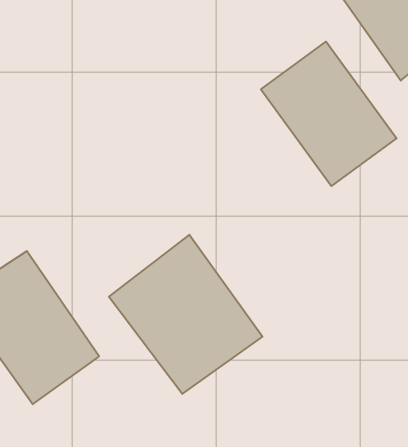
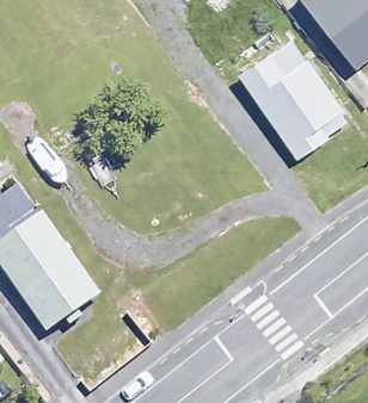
building: [109,235,262,394] -> none

